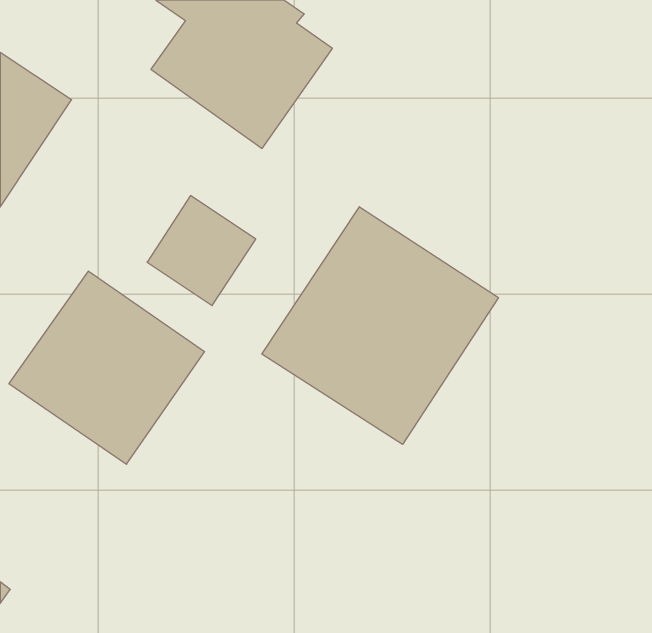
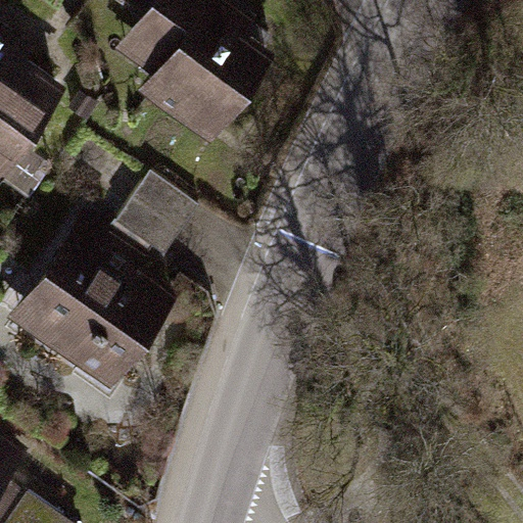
building: [262,207,498,444] -> none

